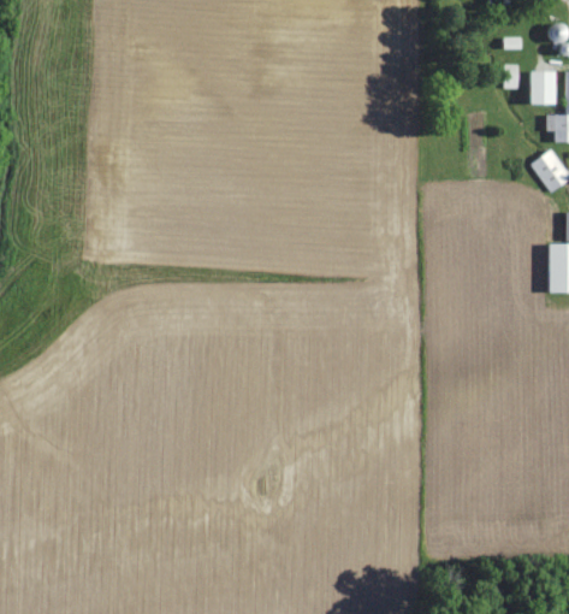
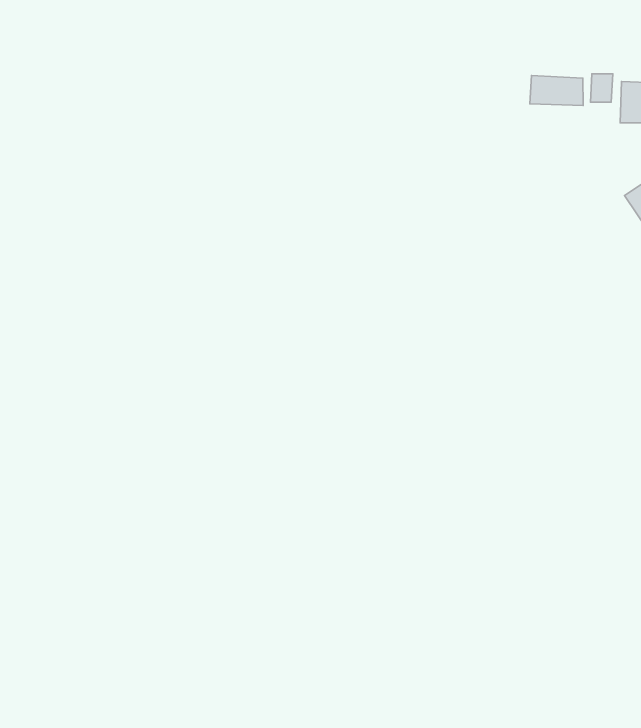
building: none -> [530,76,583,106]

